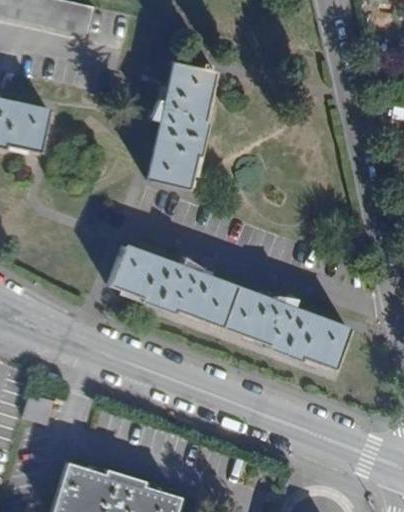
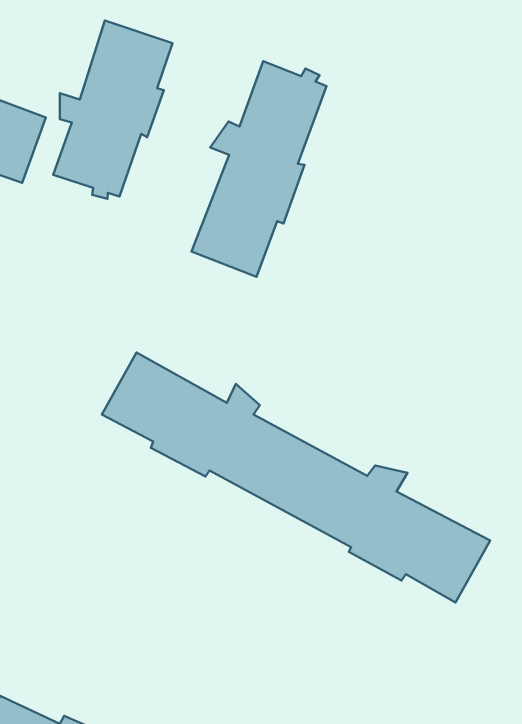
building: none -> [53,21,173,199]

